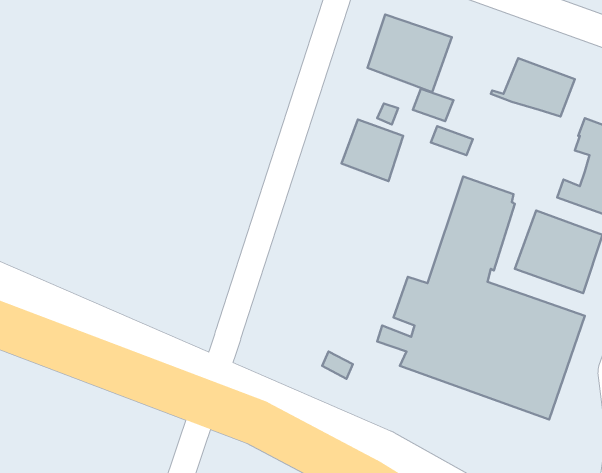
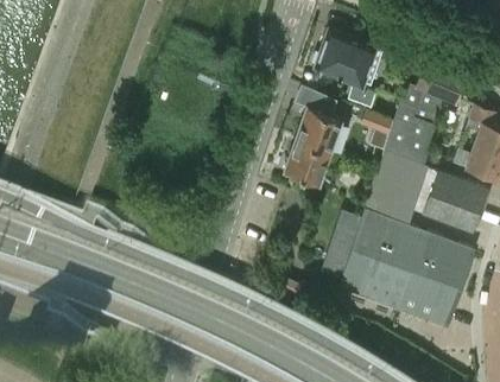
building: none -> [385,89,441,163]
building: none -> [285,140,330,185]

